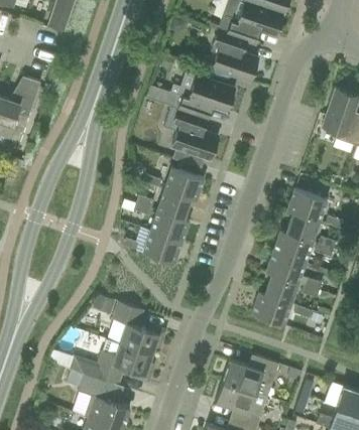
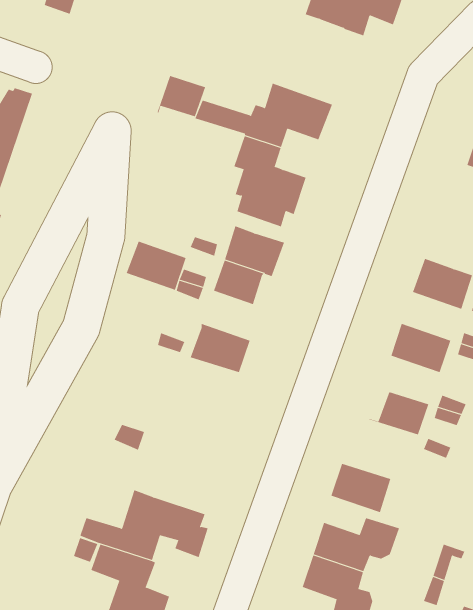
building: [211,30,258,82] -> none
building: none -> [157,75,206,117]
building: [150,209,190,242] -> [126,241,186,290]
building: [286,212,320,242] -> none
building: [266,252,306,283] -> none
building: [252,293,291,325] -> [331,463,391,513]
building: [113,301,166,354] -> none

